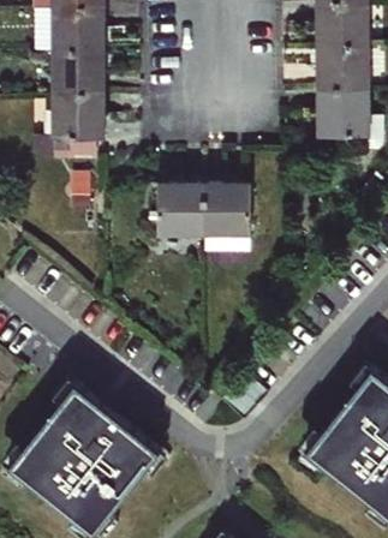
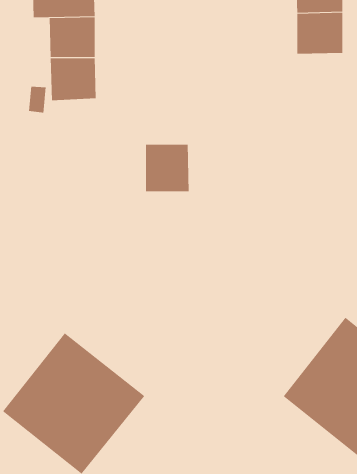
building: [317,90,366,138] -> none
building: [203,186,250,237] -> none

